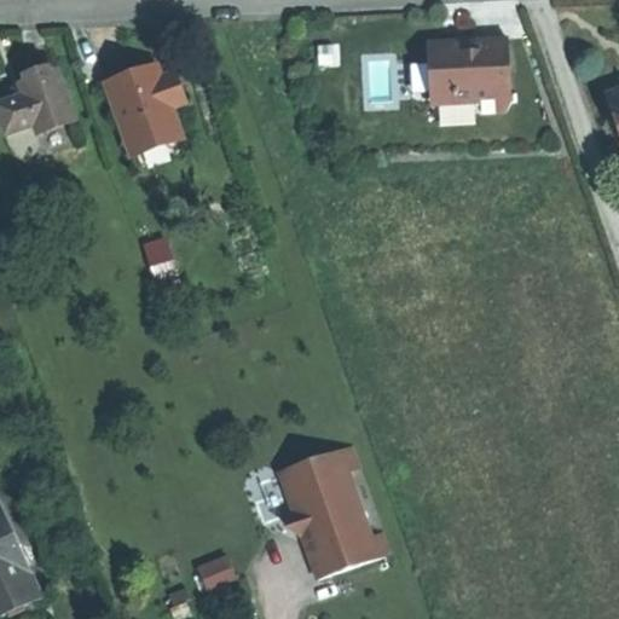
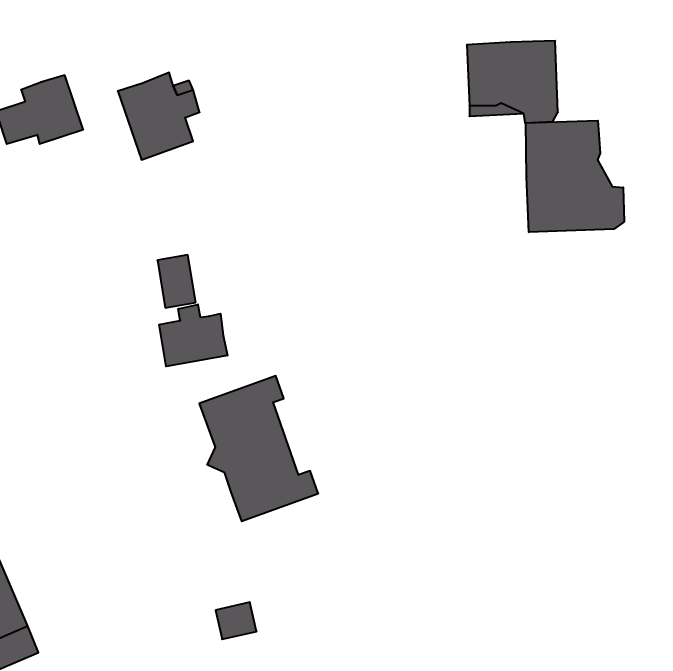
building: none -> [526,121,624,232]
building: none -> [159,304,227,366]
building: [279,445,388,578] -> [199,376,318,521]

